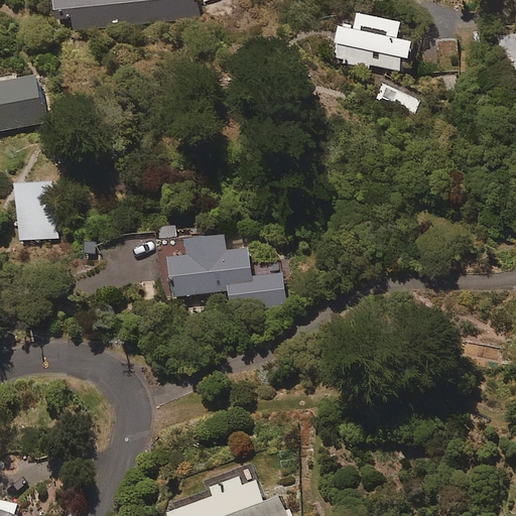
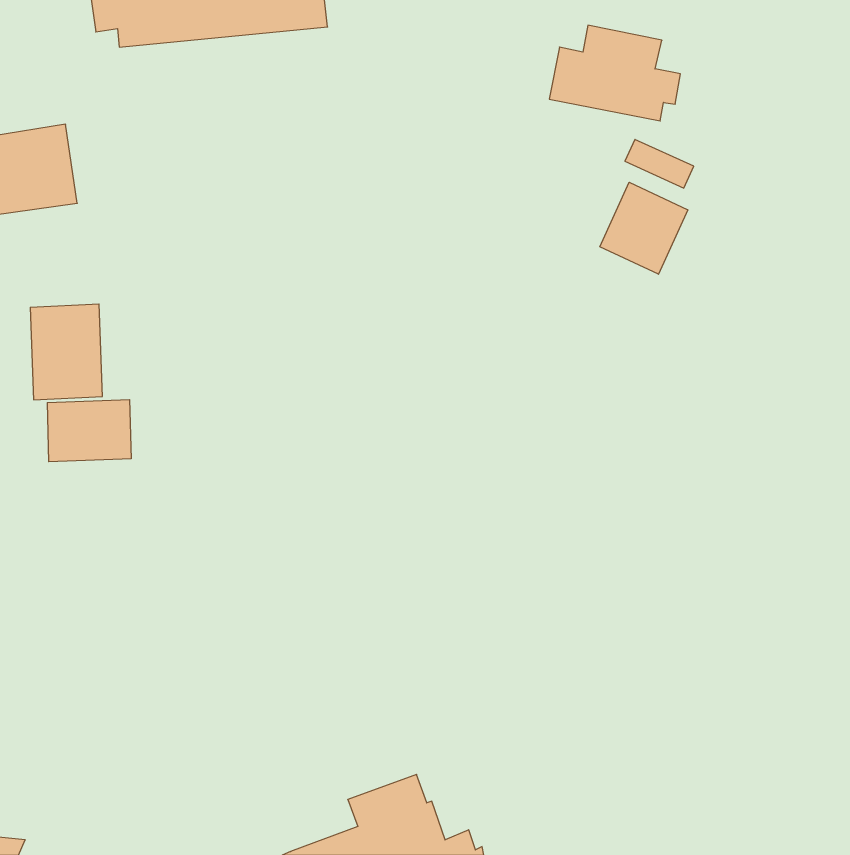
building: none -> [600,182,688,274]
building: [156,232,284,307] -> none
building: none -> [47,400,131,462]

